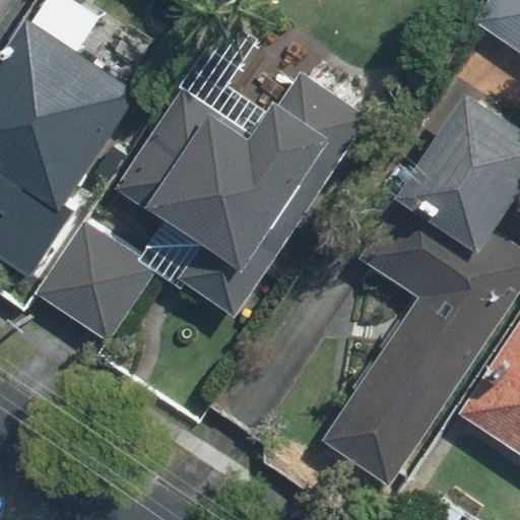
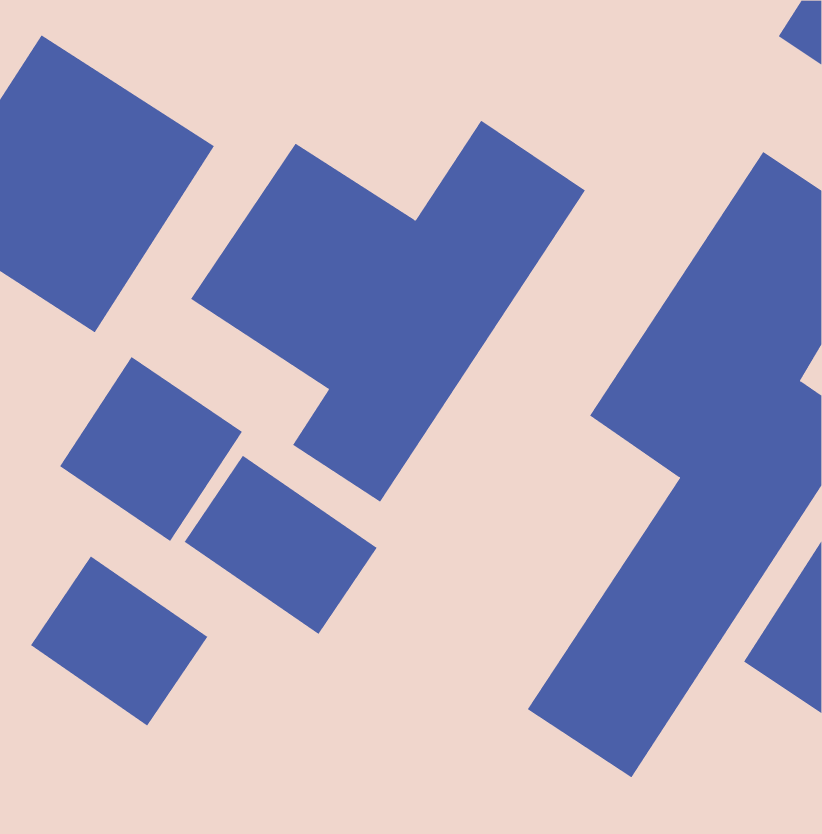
building: none -> [184,455,377,635]
building: none -> [30,555,208,726]

